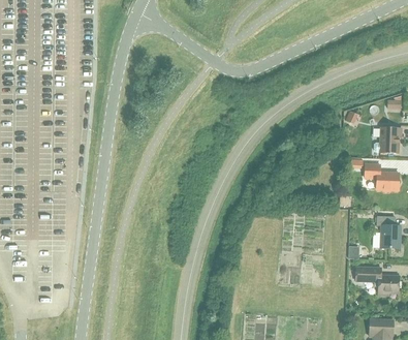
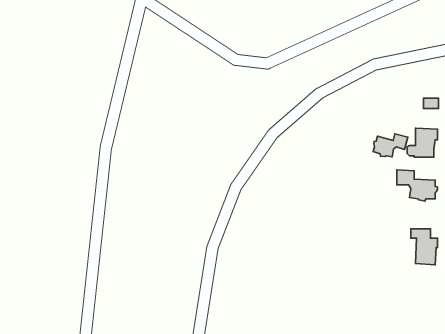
building: none -> [373,134,408,157]
building: [355,268,398,296] -> none

